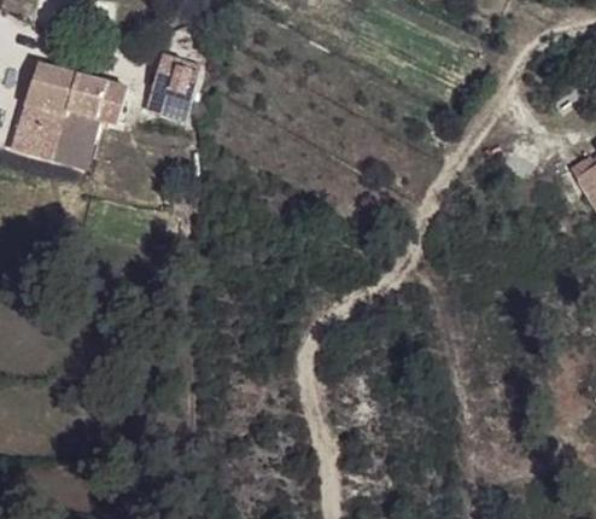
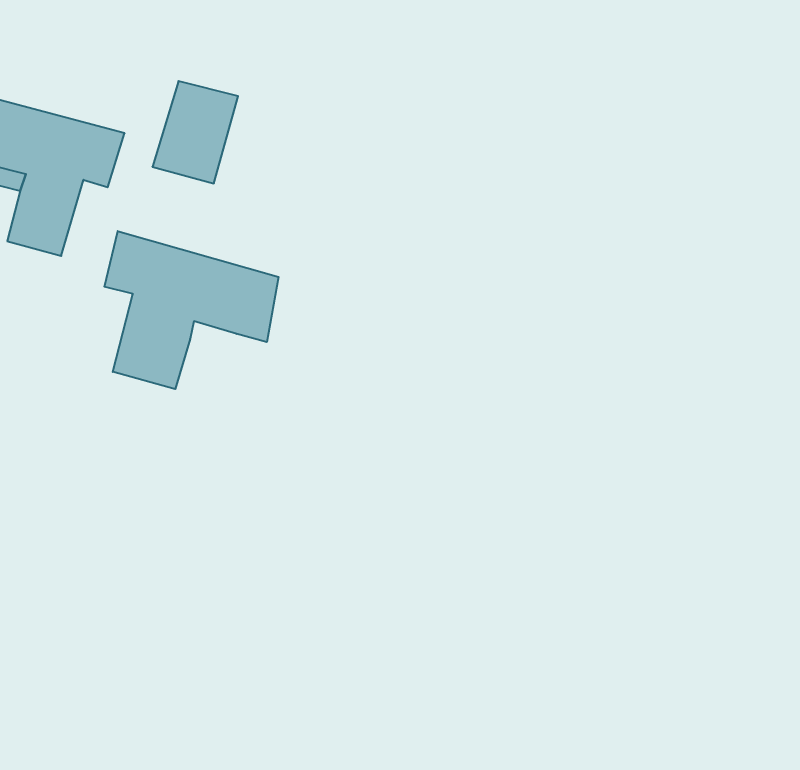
building: none -> [104,231,279,389]

